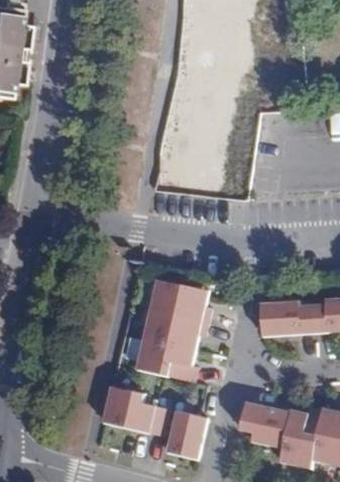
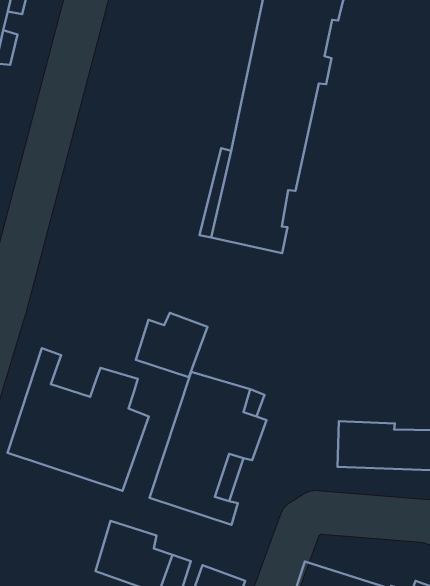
building: none -> [136,313,208,377]
building: none -> [7,348,149,491]

